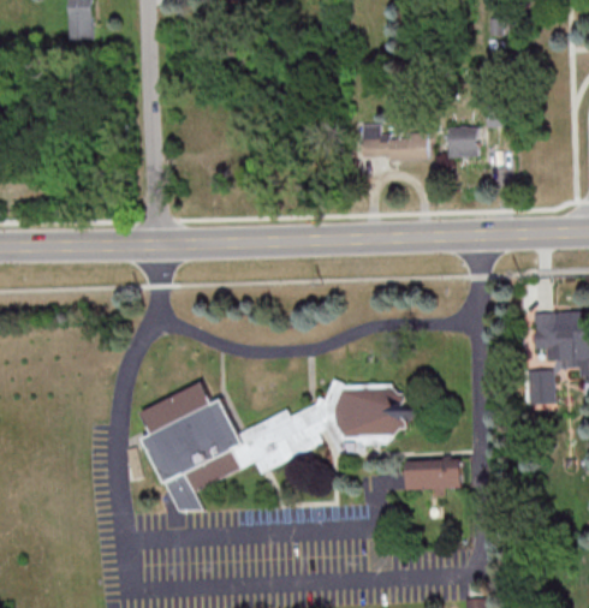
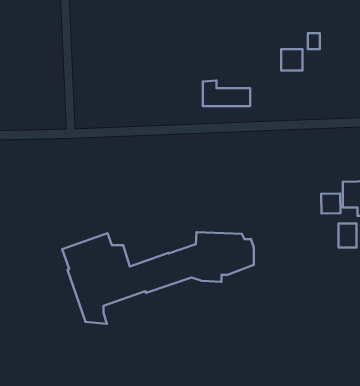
building: [361,124,427,160] -> [203,81,250,106]
building: none -> [321,193,341,213]
building: [406,459,462,489] -> none

